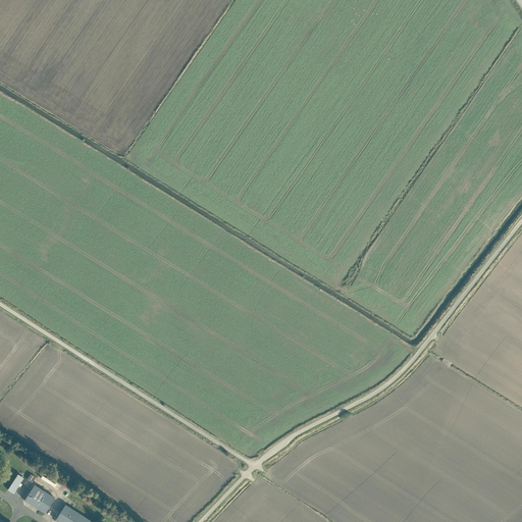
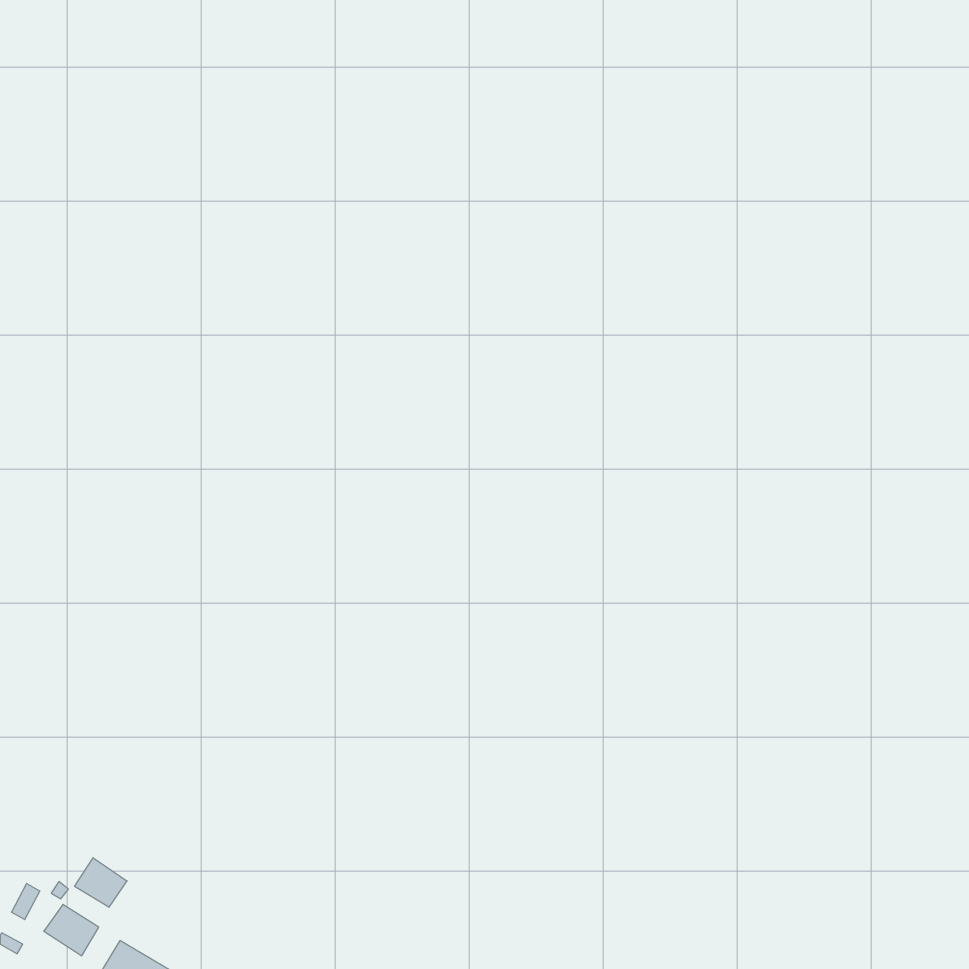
building: none -> [75,858,127,907]

